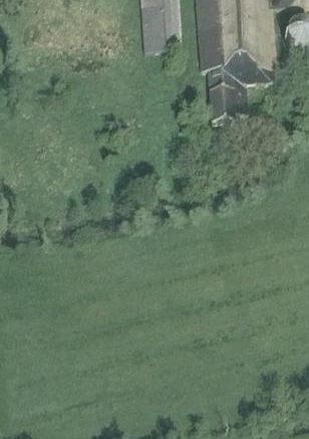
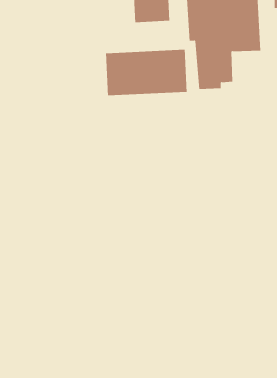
building: none -> [106,49,187,96]

